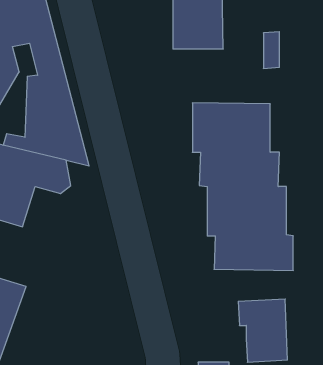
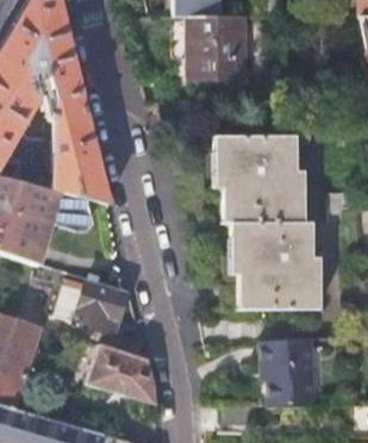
building: none -> [54,277,125,333]
building: none -> [86,344,156,403]

